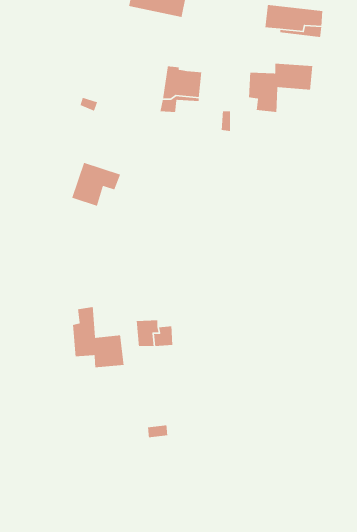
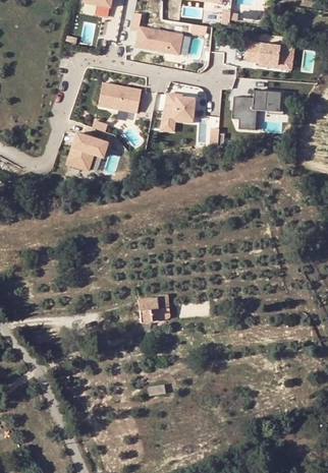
building: none -> [98,81,141,111]
building: [71,162,121,207] -> [66,132,107,169]
building: [72,306,124,368] -> none

